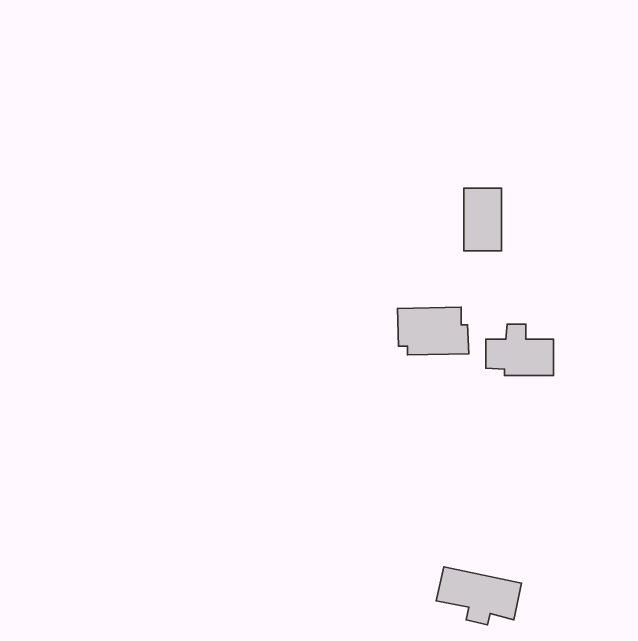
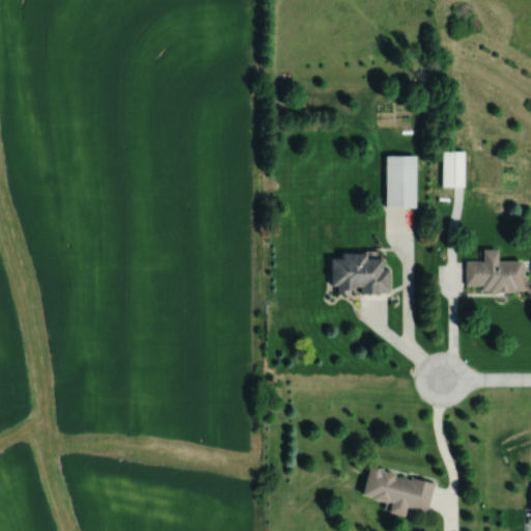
building: none -> [443,151,466,187]
building: [486,324,553,376] -> [467,249,523,291]

